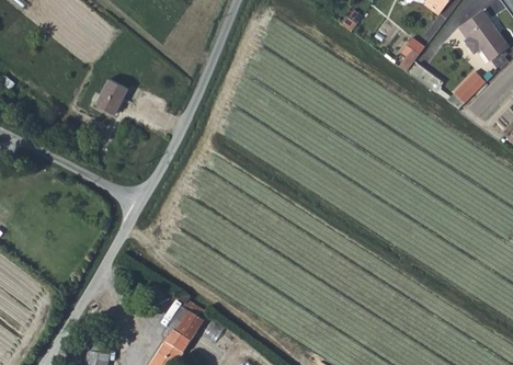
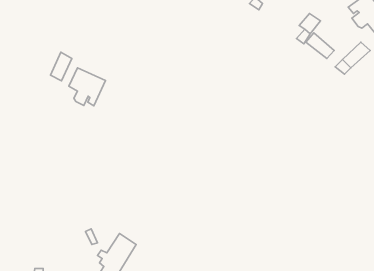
building: none -> [69,68,106,106]

